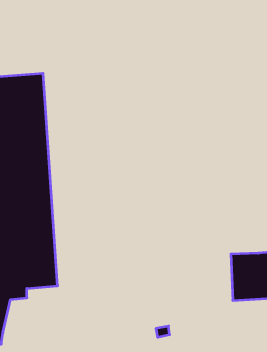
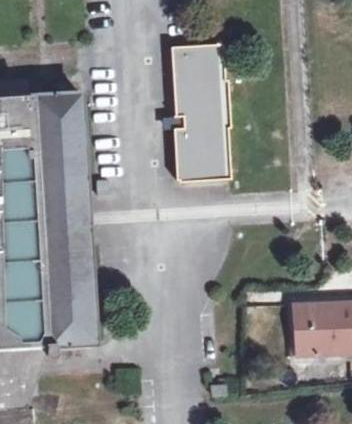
building: none -> [172,43,230,179]

